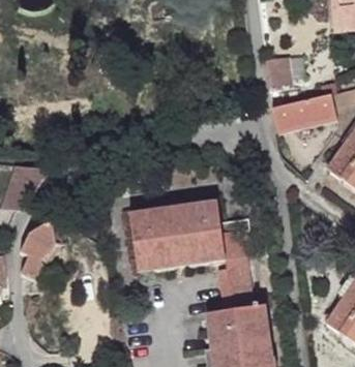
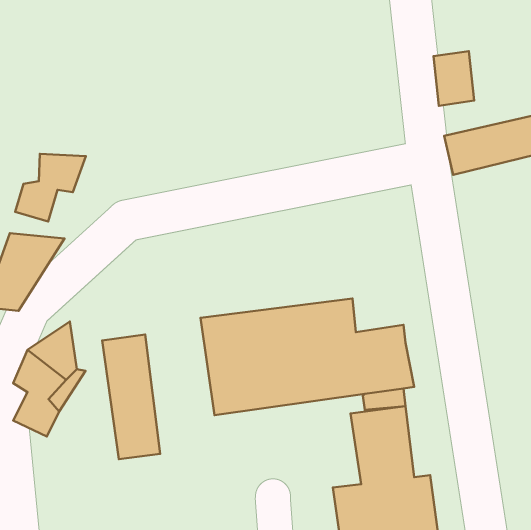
building: none -> [15,154,86,222]
building: none -> [102,334,160,459]

